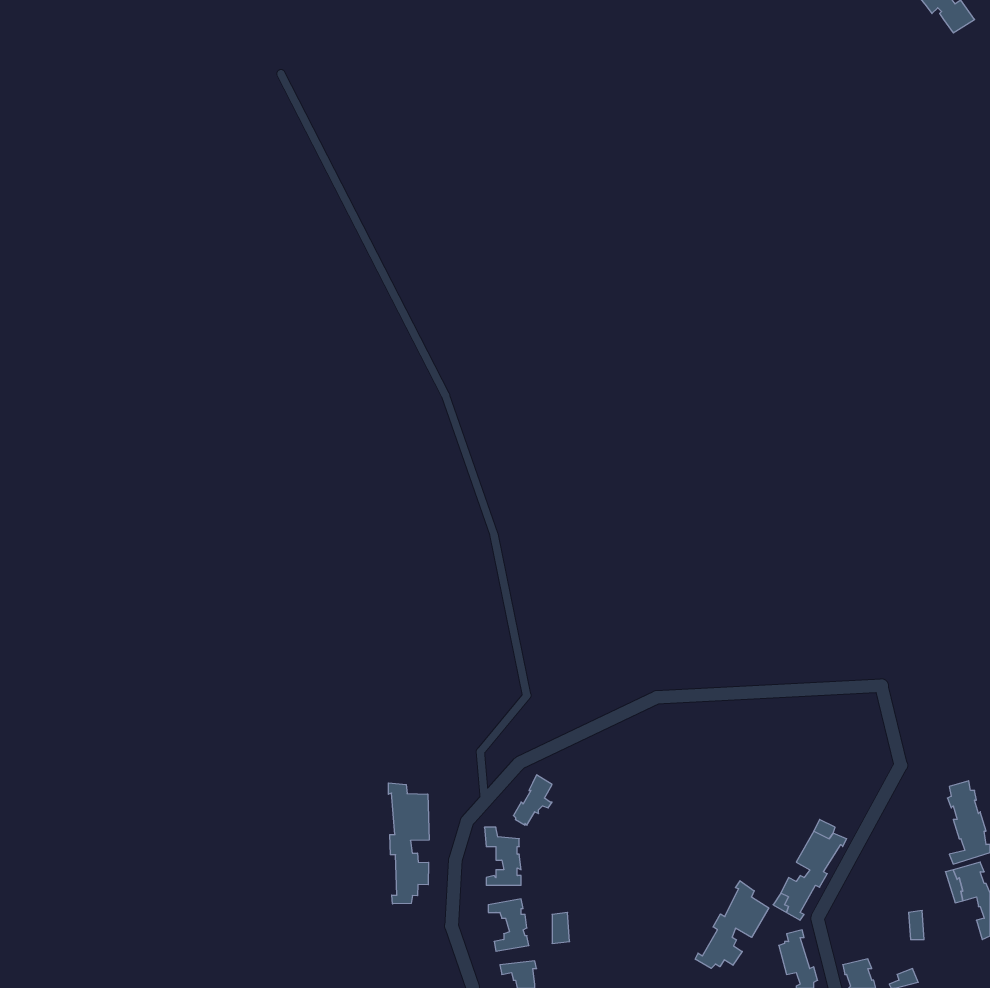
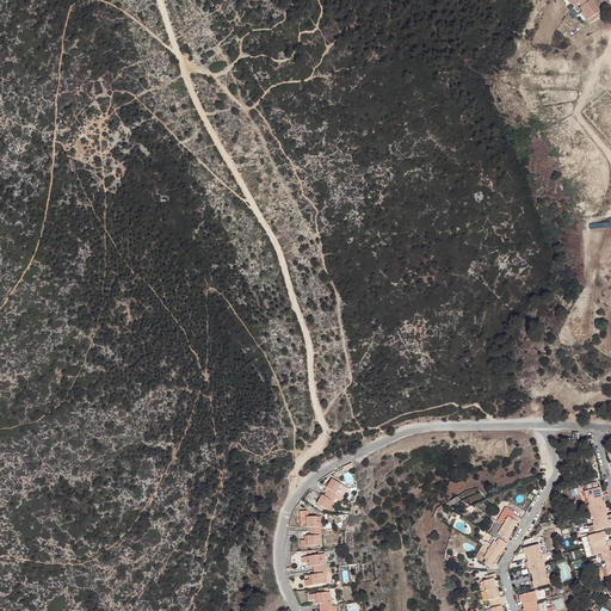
building: [388,783,429,904] -> none
building: [695,881,769,968] -> none
building: none -> [523,543,549,587]

